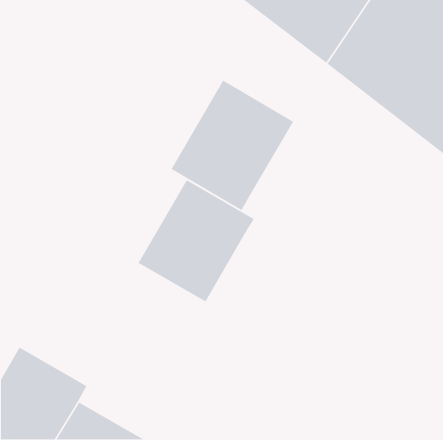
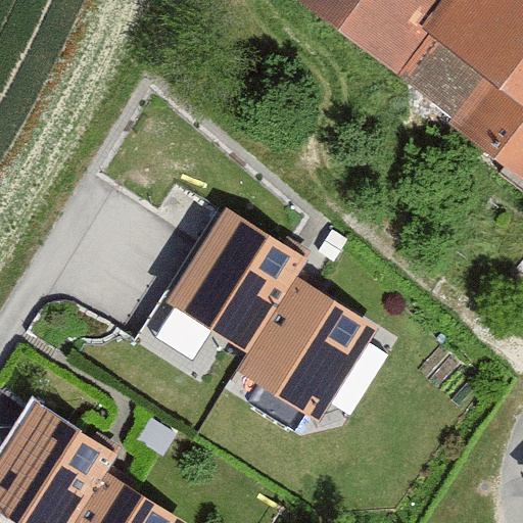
building: [170,79,294,211] -> none
building: none -> [235,274,371,418]

